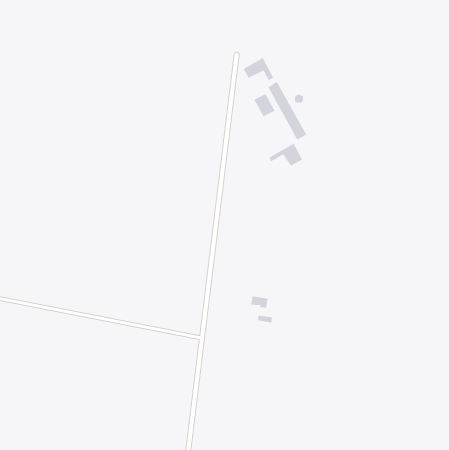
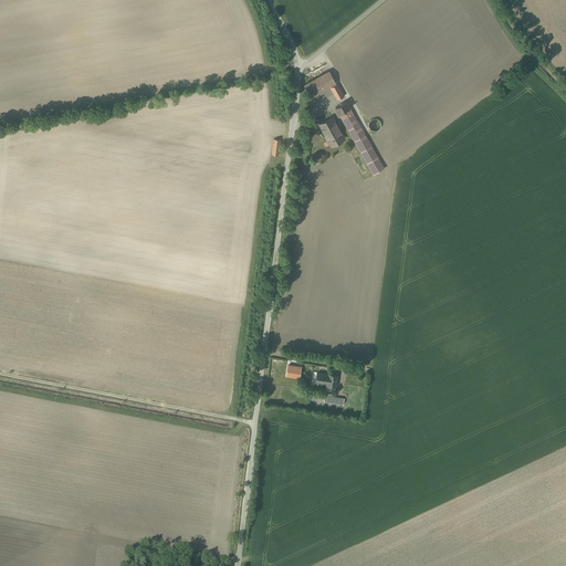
building: [269,143,303,167] -> none

